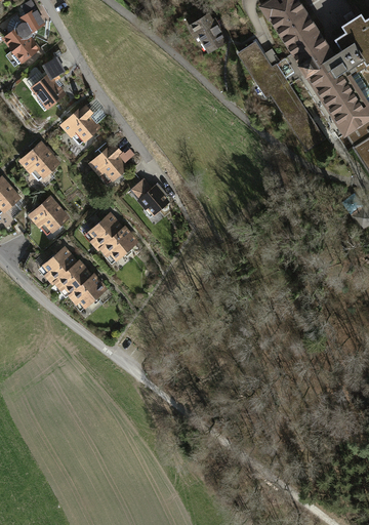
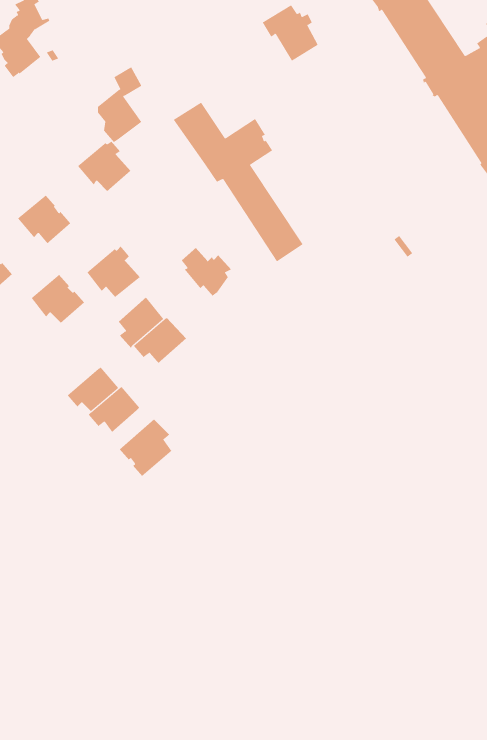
building: [236,41,325,151] -> [173,102,303,262]
building: [33,57,64,110] -> [97,67,142,143]
building: [90,145,127,180] -> [86,246,140,298]
building: [43,248,76,283] -> none
building: none -> [119,419,172,477]

